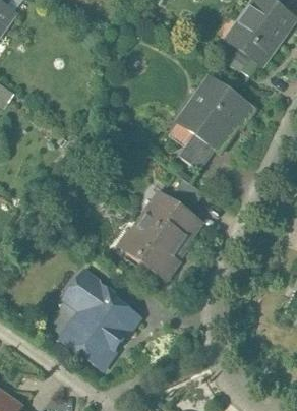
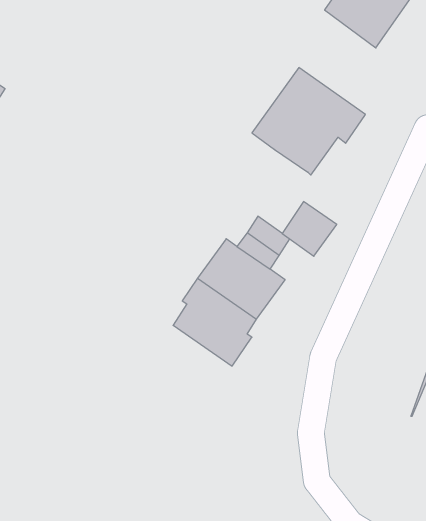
building: [178,133,215,170] -> [282,202,337,256]
building: [60,272,137,369] -> none

